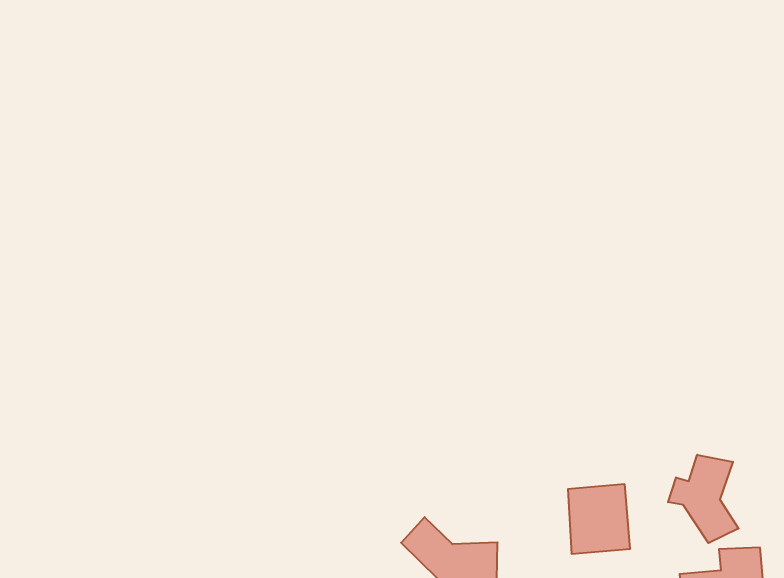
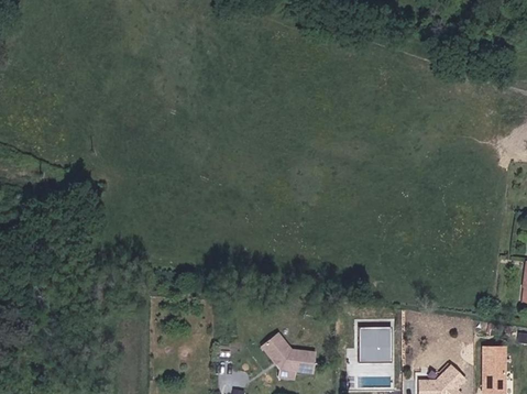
building: [668,455,739,543] -> none

